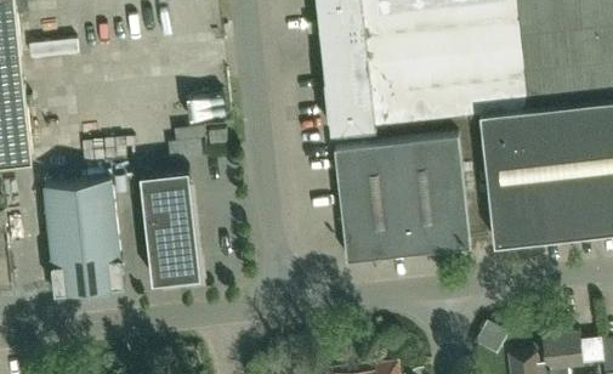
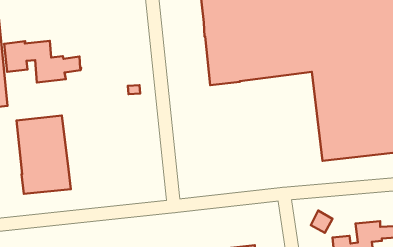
building: none -> [4,41,81,82]
building: [335,136,471,262] -> none
building: [141,170,202,283] -> none

